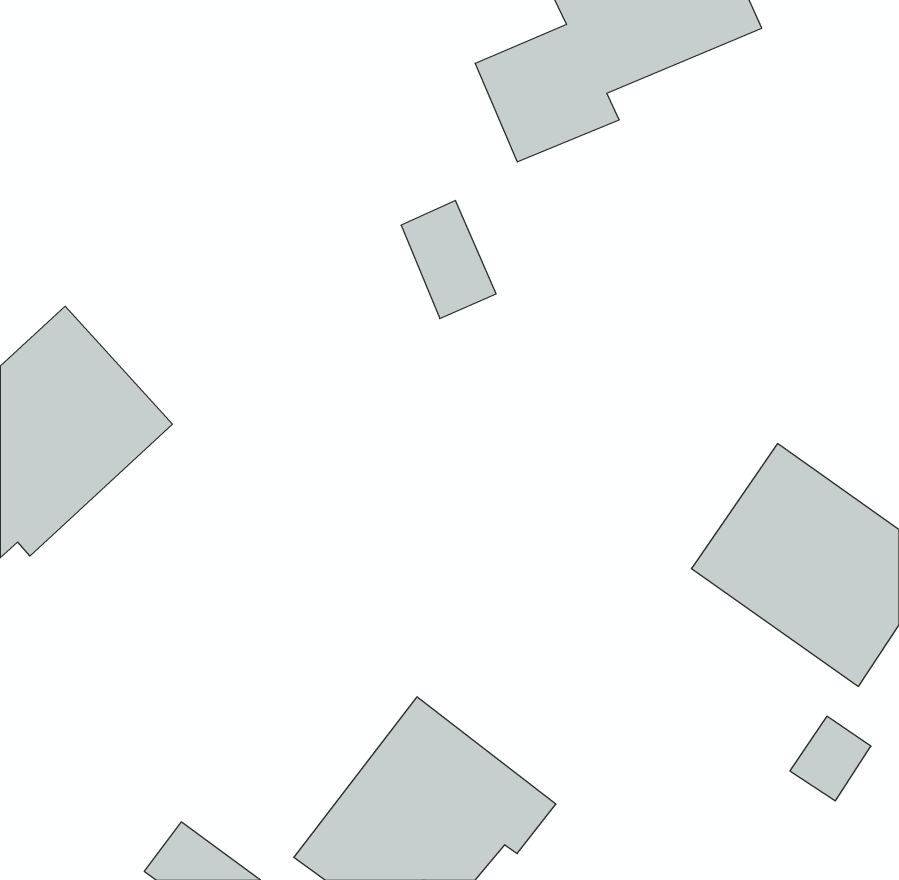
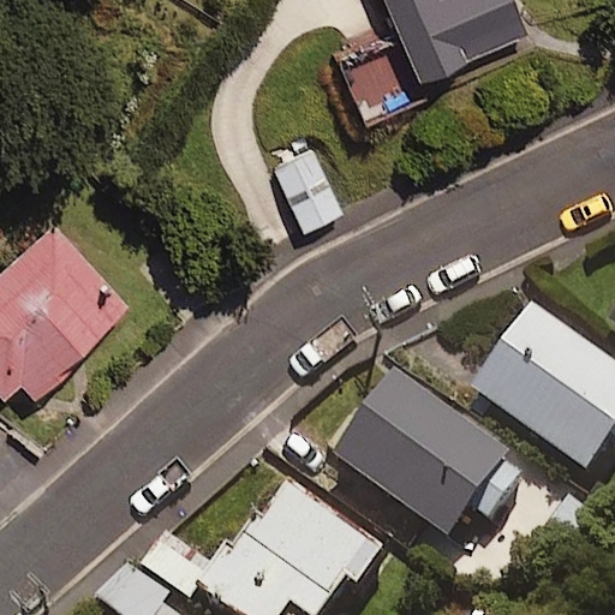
building: none -> [334,371,507,536]

